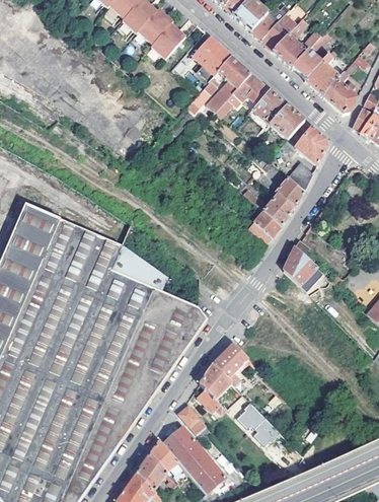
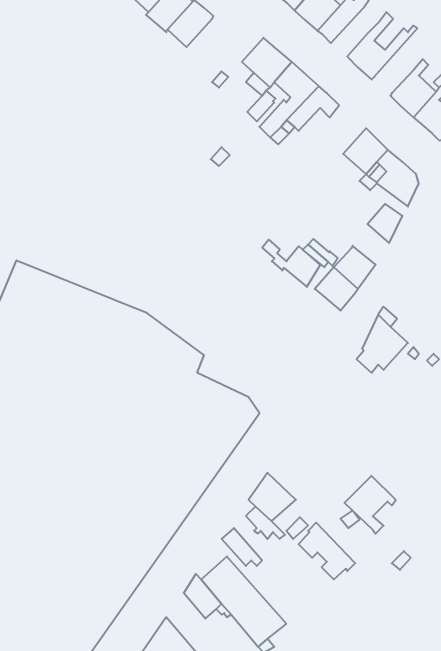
building: [260,14,297,51] -> none
building: [151,22,185,58] -> none
building: [293,29,331,78] -> none
building: [253,90,287,124] -> none
building: [260,171,304,207] -> [262,240,320,287]
building: [213,343,251,386] -> [344,476,396,534]
building: [137,453,177,492] -> none

